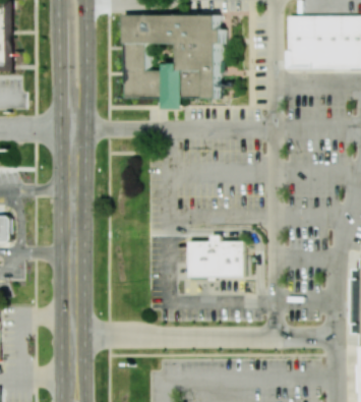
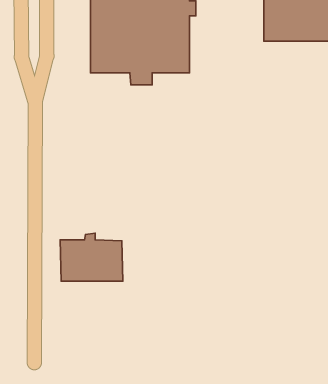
building: [191,235,251,281] -> [60,233,123,281]

